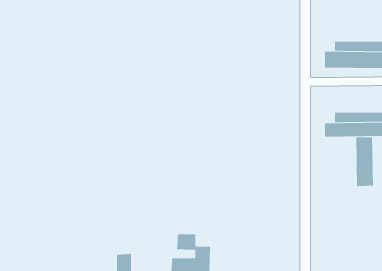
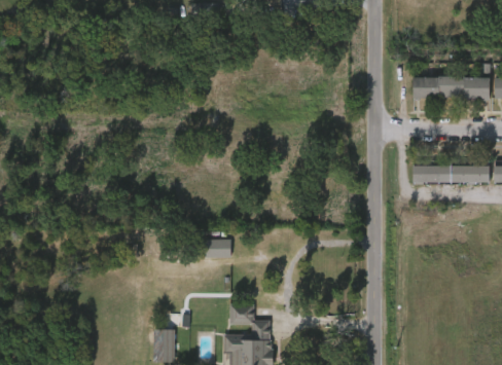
building: [356,137,373,187] -> none
building: none -> [205,242,231,260]

